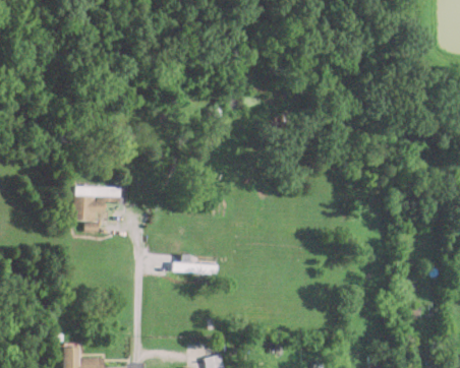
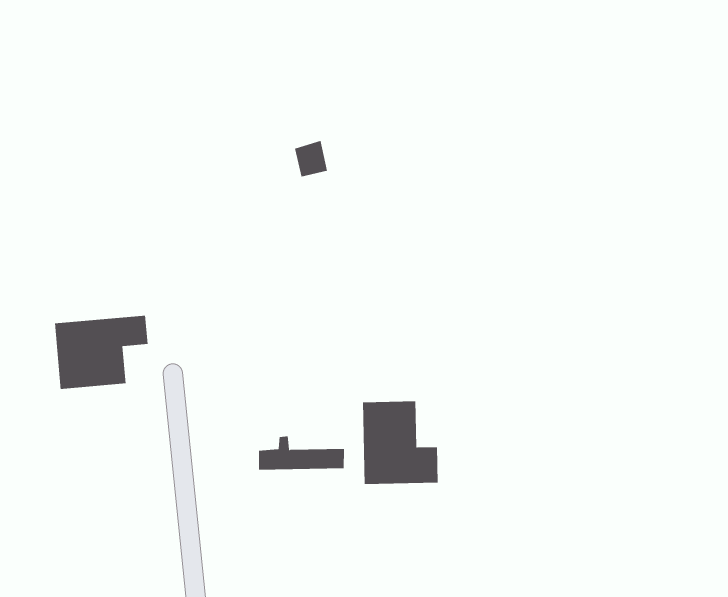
building: none -> [362,401,438,485]

